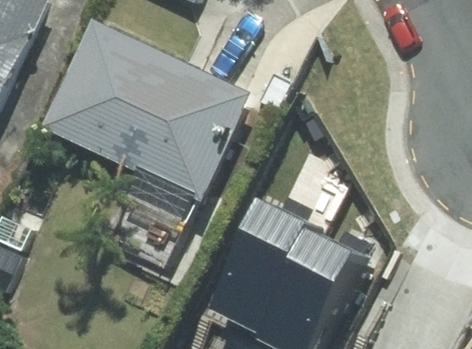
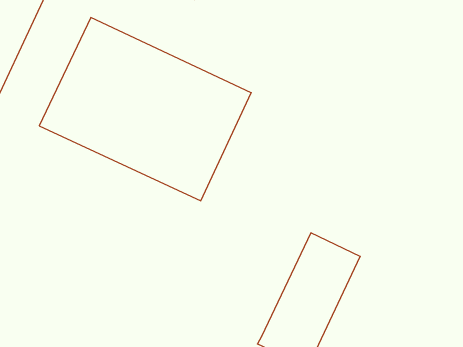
building: [210,200,309,331] -> none

